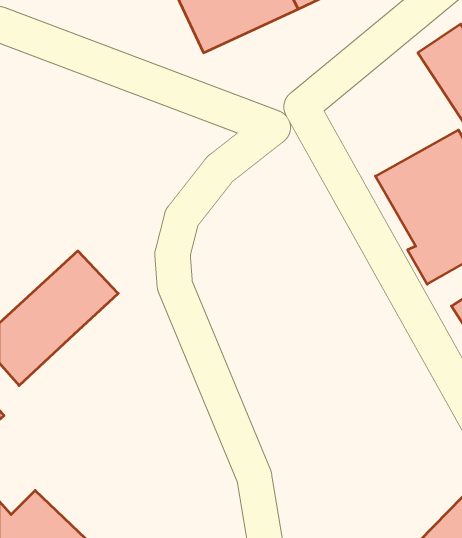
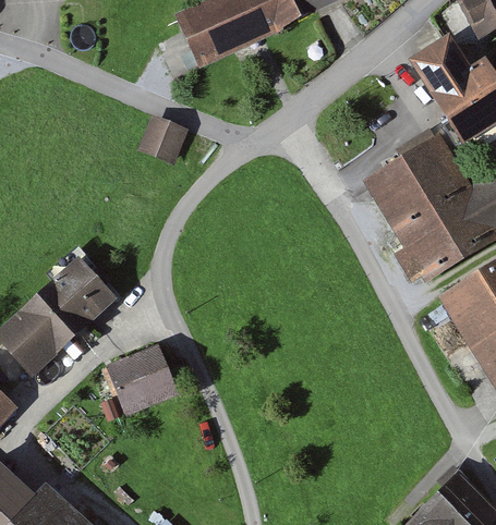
building: none -> [144,118,191,163]
building: none -> [106,345,179,407]

